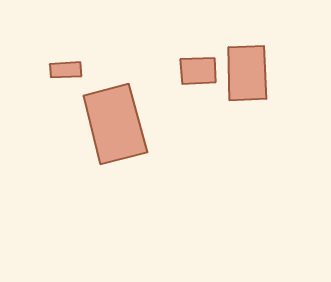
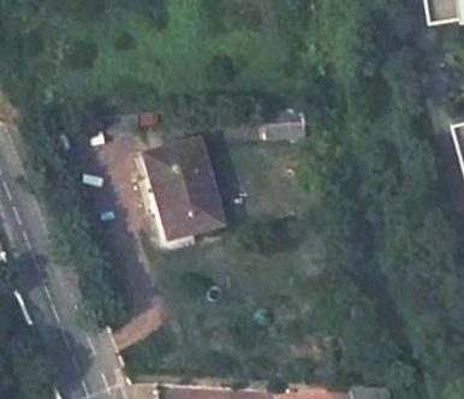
building: [229,46,266,100] -> none

